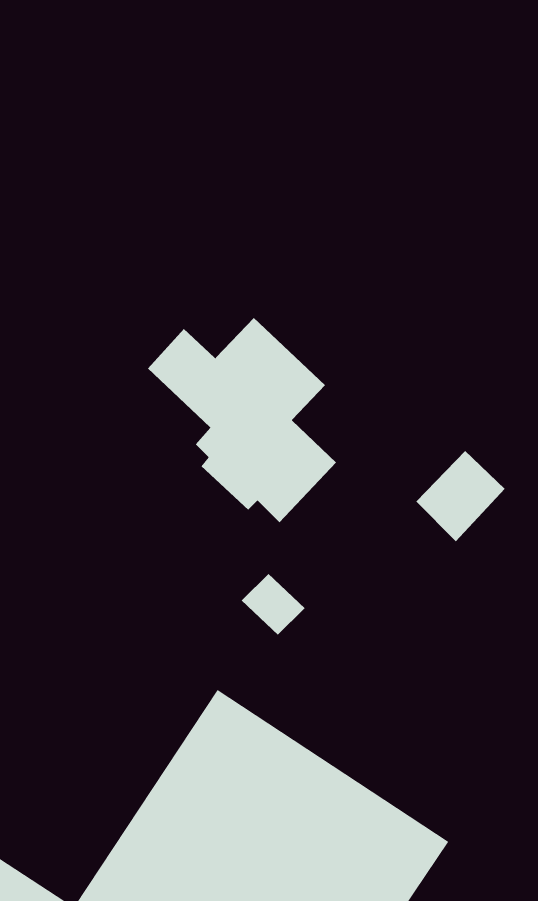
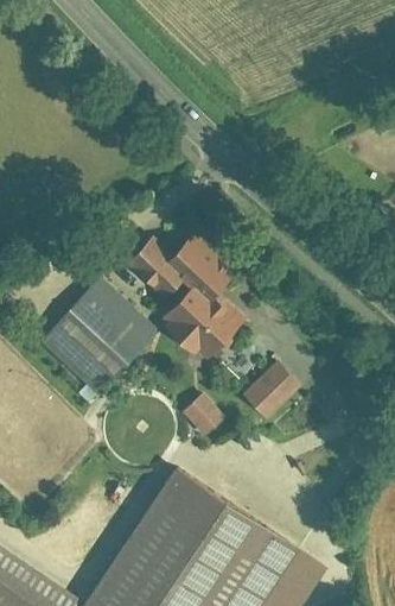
building: none -> [43,279,163,399]
building: [415,450,506,542] -> [241,362,299,422]

